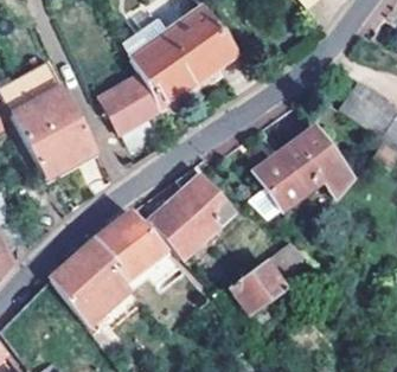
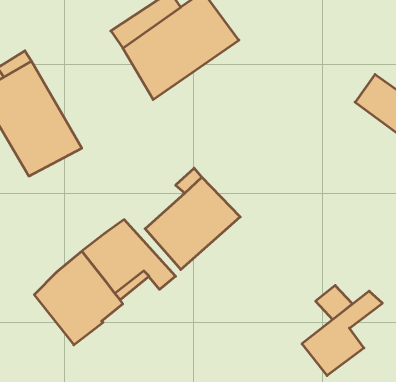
building: [98,73,159,133] -> none
building: [246,126,347,217] -> none
building: [230,238,302,314] -> [302,291,382,376]

